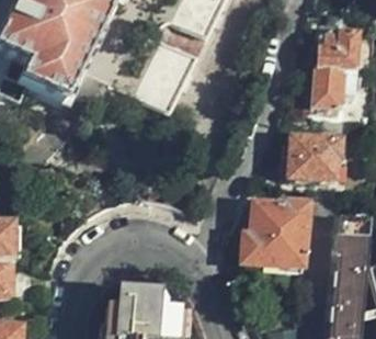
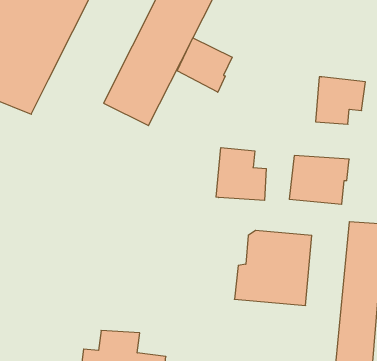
building: [321,33,363,74] -> none
building: none -> [177,38,232,92]
building: none -> [216,148,266,200]

